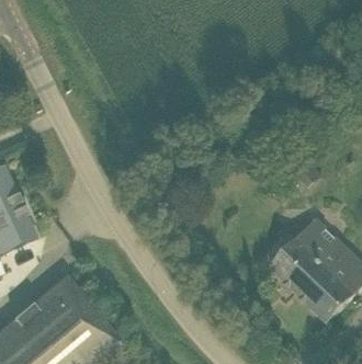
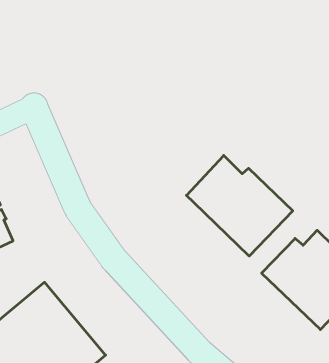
building: none -> [186,155,293,256]

